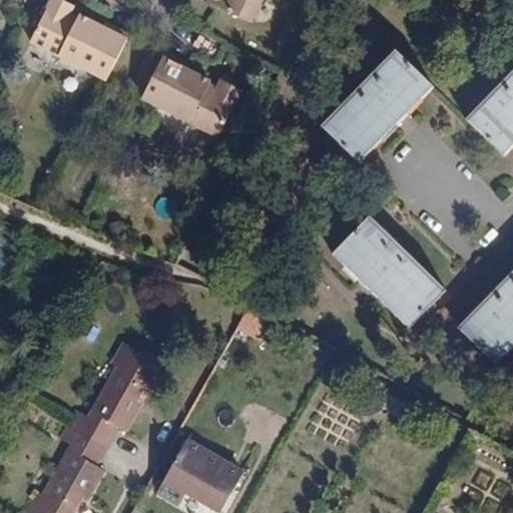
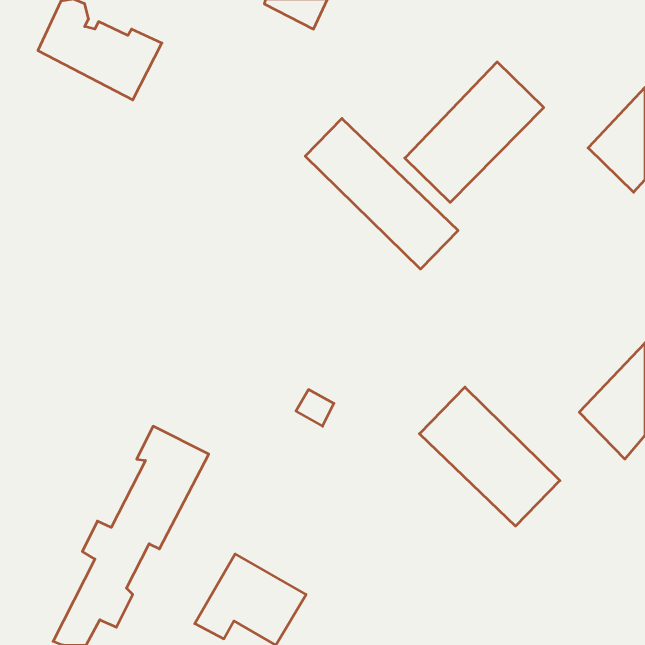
building: [142,52,237,135] -> none
building: none -> [305,118,458,269]
building: [333,214,444,325] -> [419,387,560,526]

